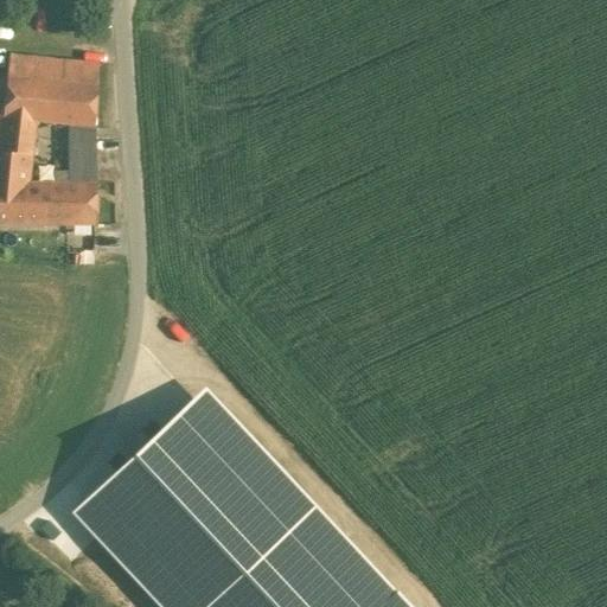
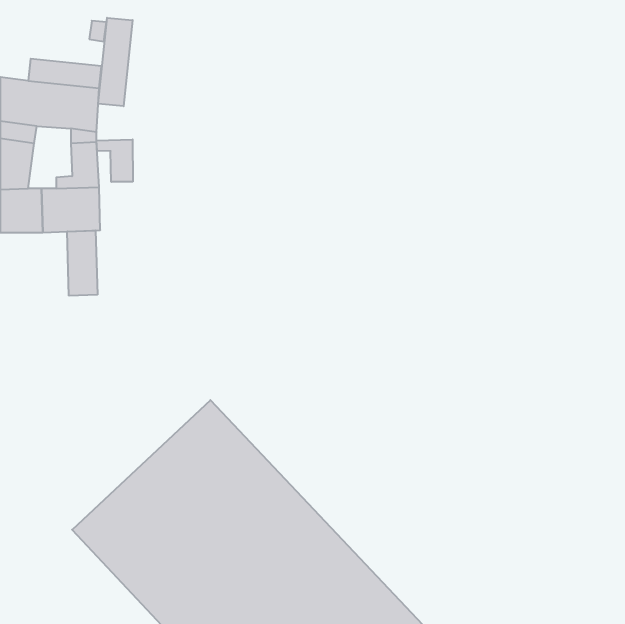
building: none -> [98,18,133,106]
building: none -> [97,139,133,182]
building: none -> [67,230,97,296]

